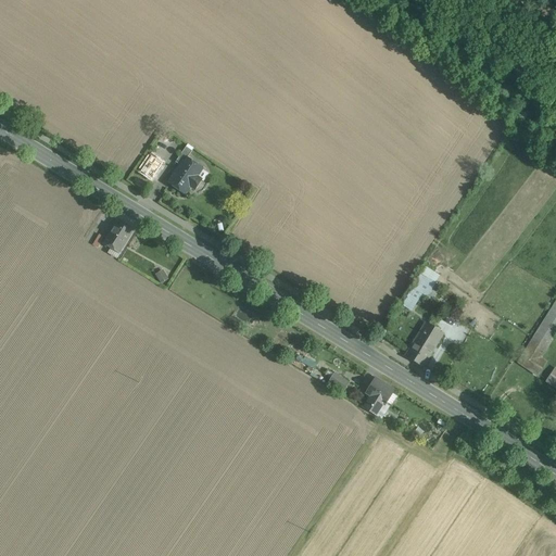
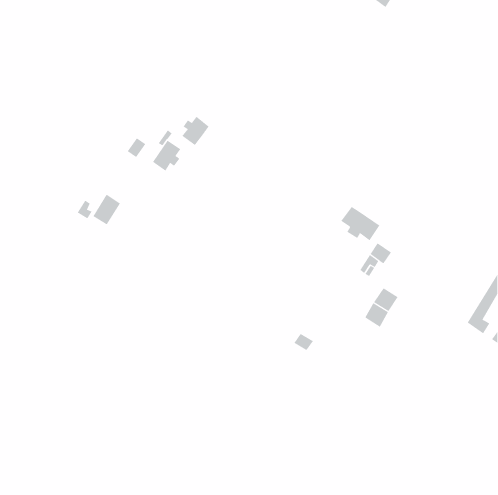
building: none -> [182,116,210,146]
building: none -> [340,205,380,241]
building: [364,376,395,416] -> none

